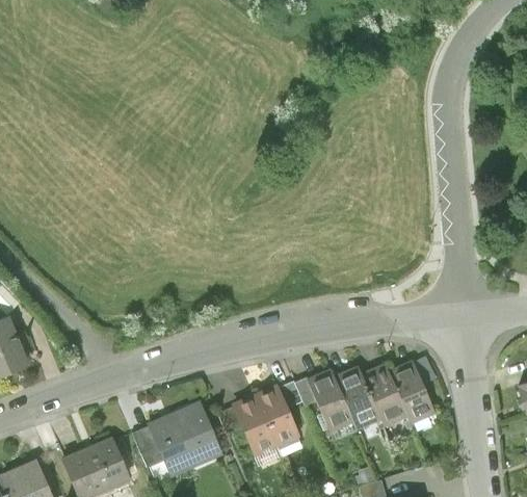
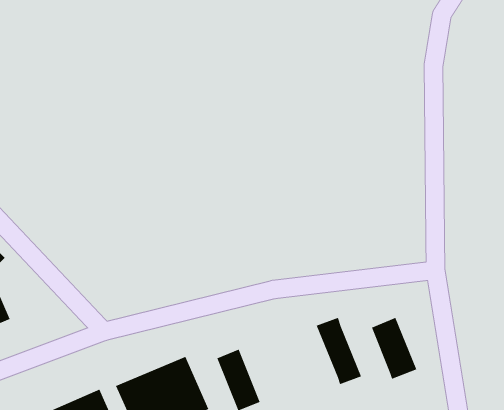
building: [359,361,407,428] -> none
building: [305,365,354,434] -> none
building: [255,385,300,448] -> none

